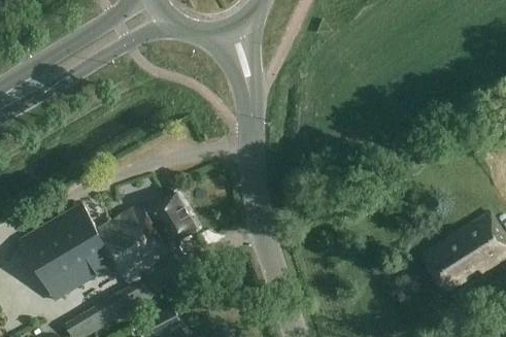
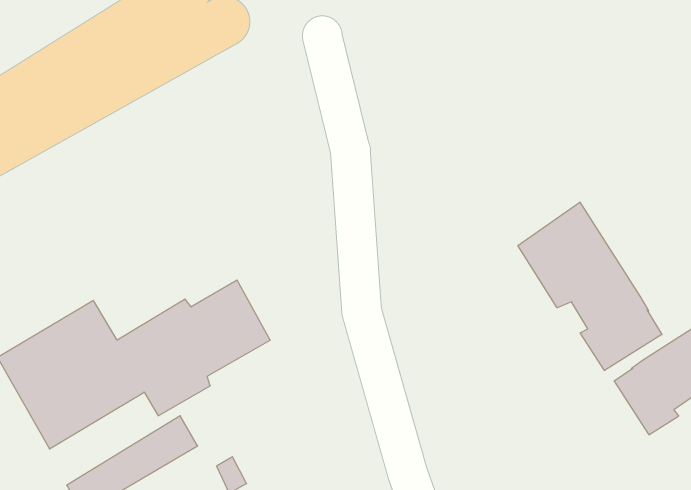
building: none -> [518,202,662,371]

